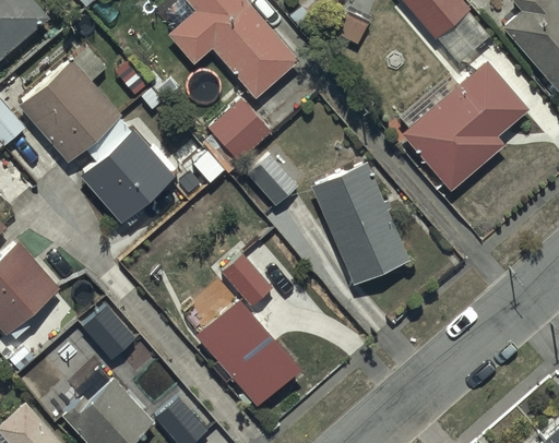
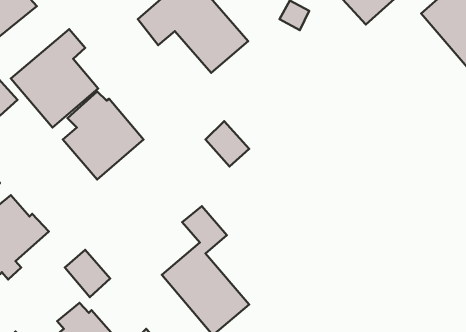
building: [401,61,527,192] -> none
building: [207,98,271,163] -> none
building: [309,161,409,284] -> none

